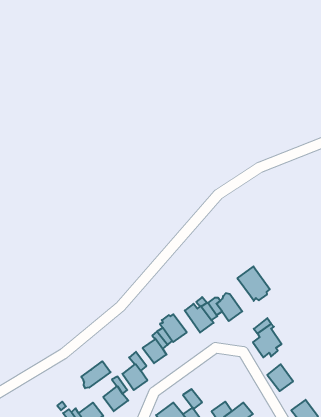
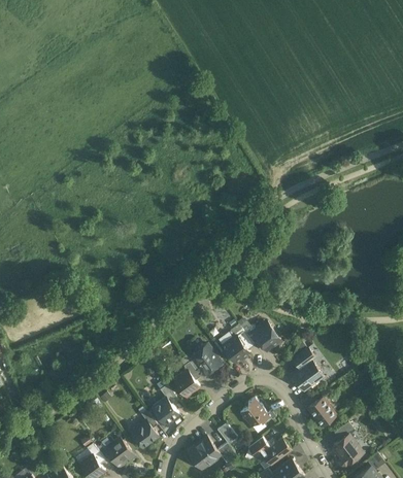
building: [238,266,270,301] -> none
building: [81,361,111,388] -> none
building: none -> [239,398,275,426]

